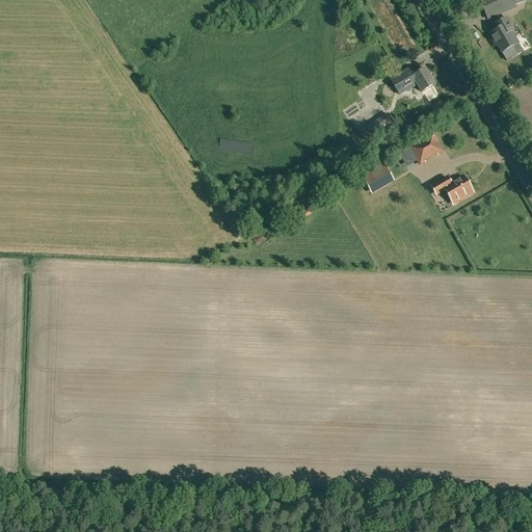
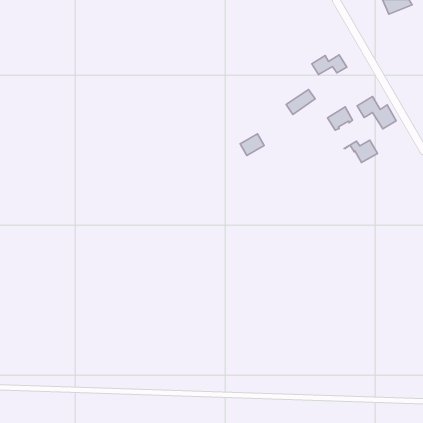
building: [490,17,520,60] -> none
building: none -> [357,97,396,129]
building: [363,163,393,190] -> [240,134,264,155]

